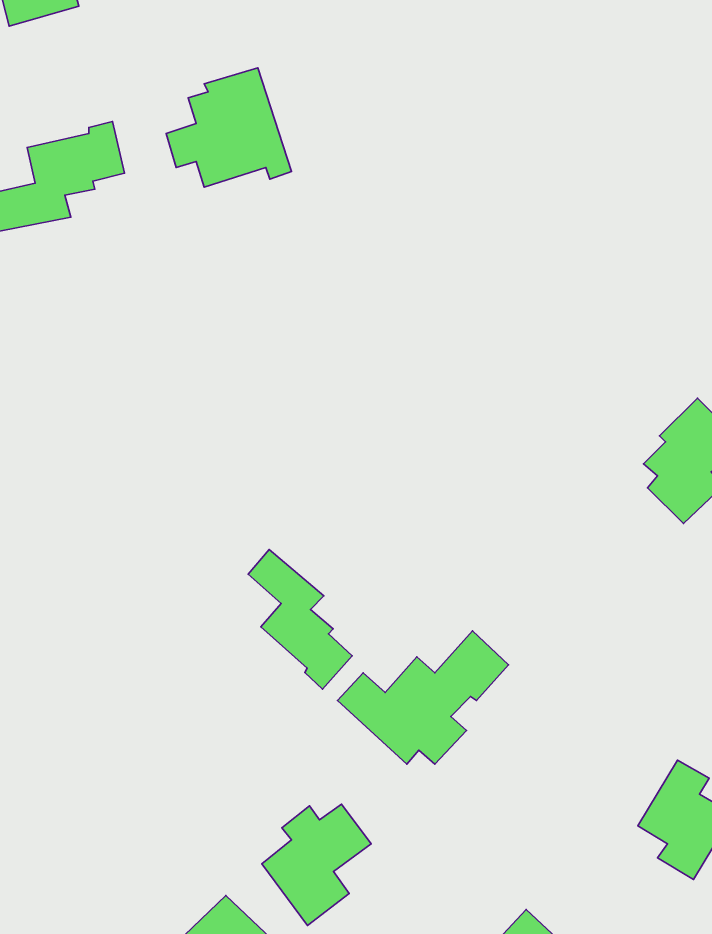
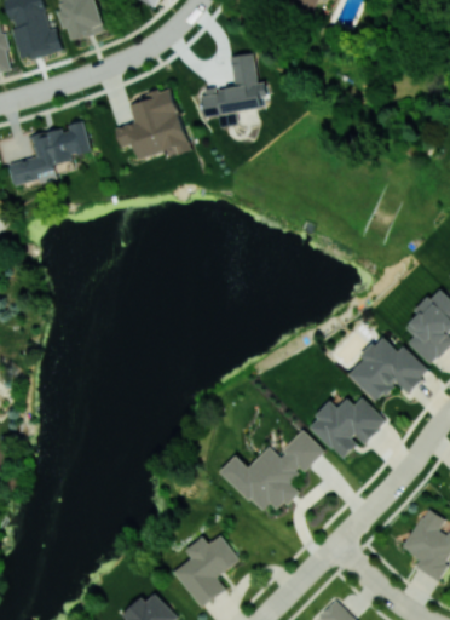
building: none -> [201,53,267,127]
building: none -> [348,335,429,402]
building: [248,549,352,689] -> none
building: none -> [307,397,386,459]

